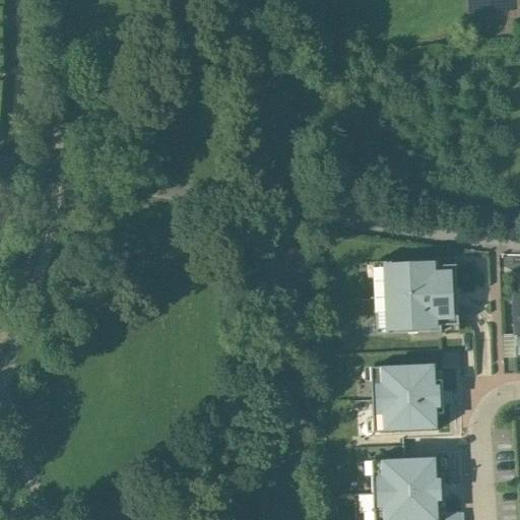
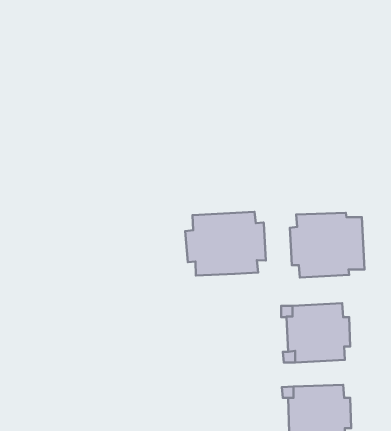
building: none -> [185,212,266,276]

